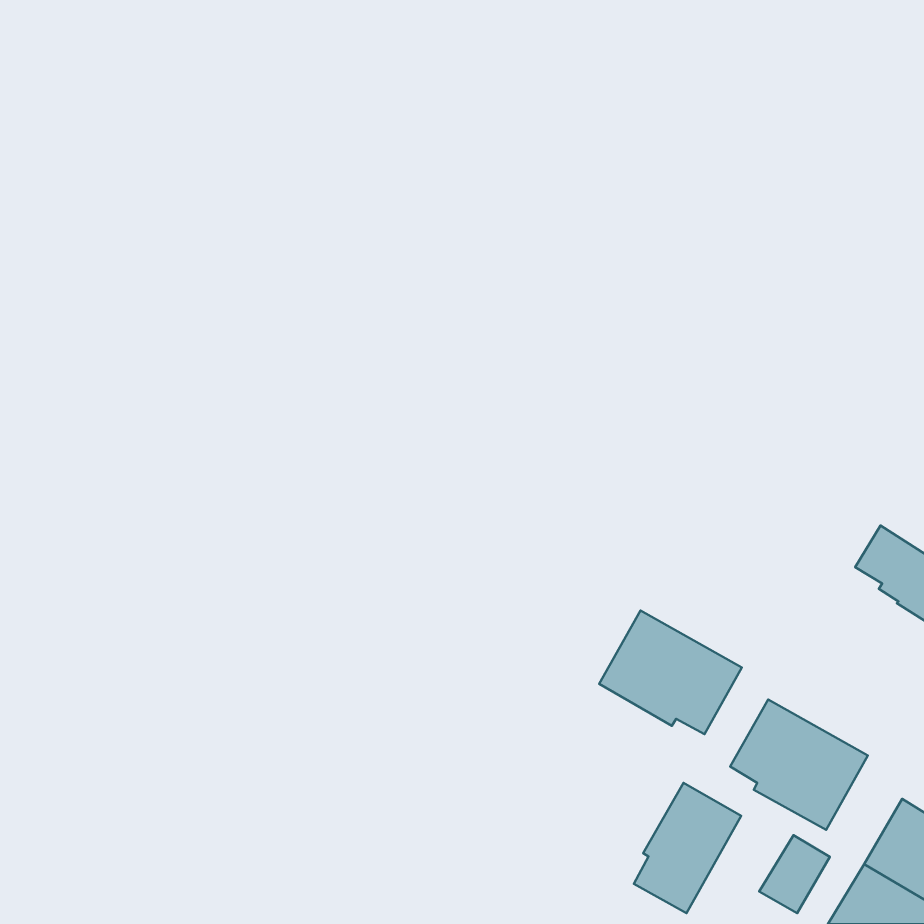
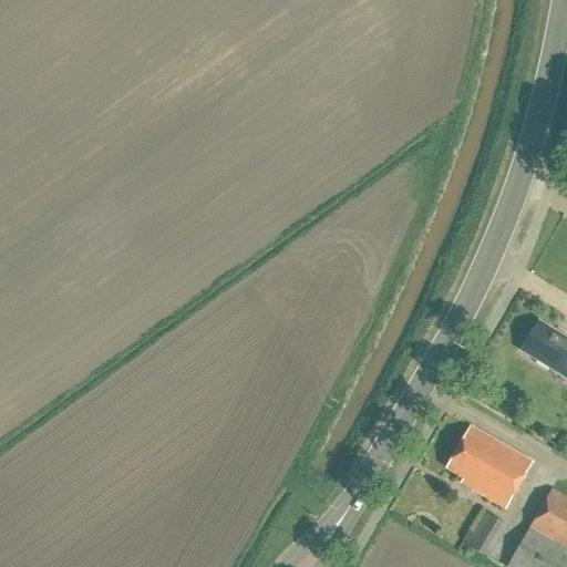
building: [599,610,742,734] -> none
building: [634,783,741,913] -> none

